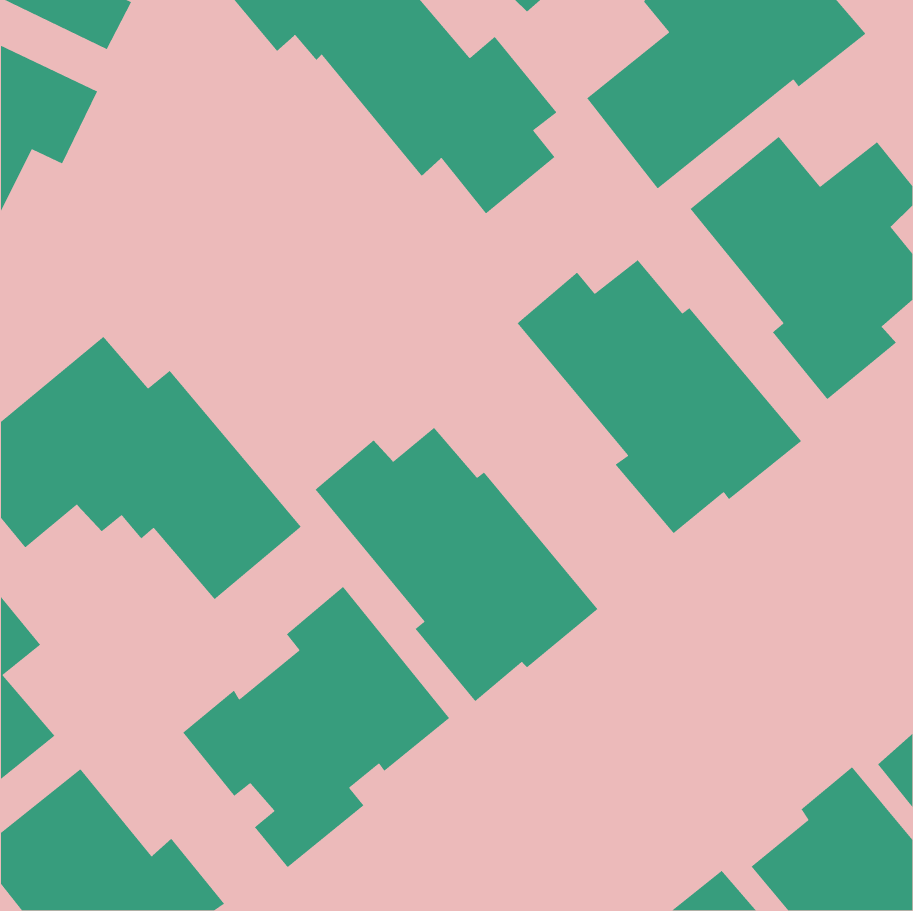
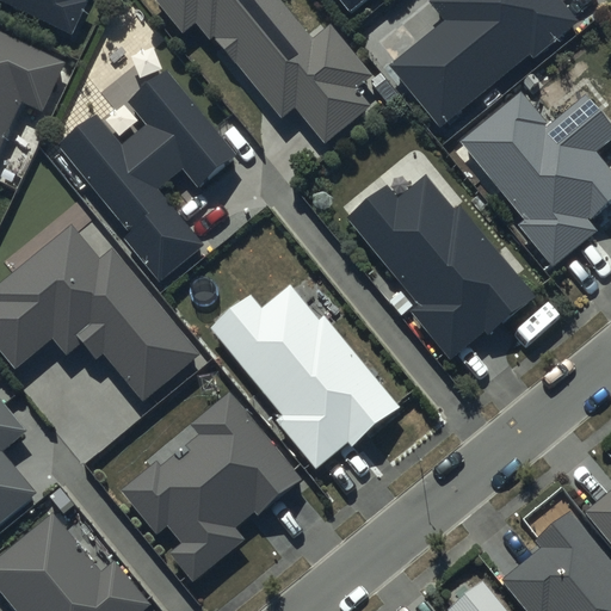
building: none -> [56,70,236,282]

